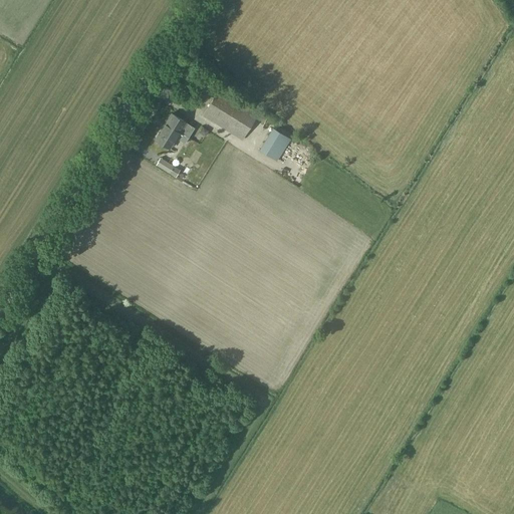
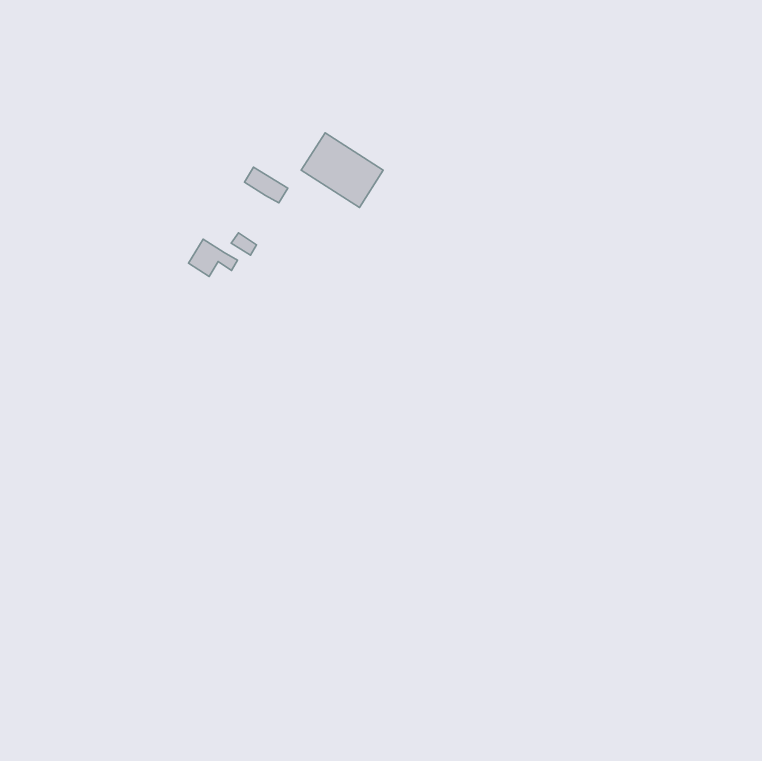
building: [155,123,188,149] -> [188,239,238,276]
building: [257,128,289,162] -> none

